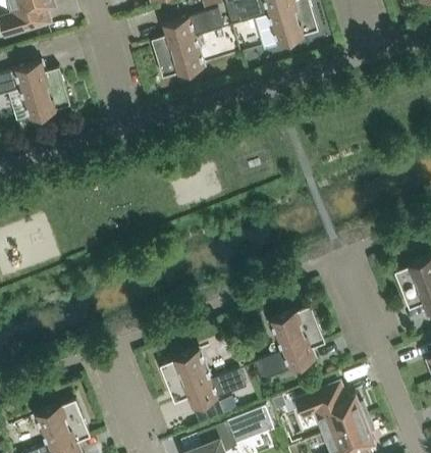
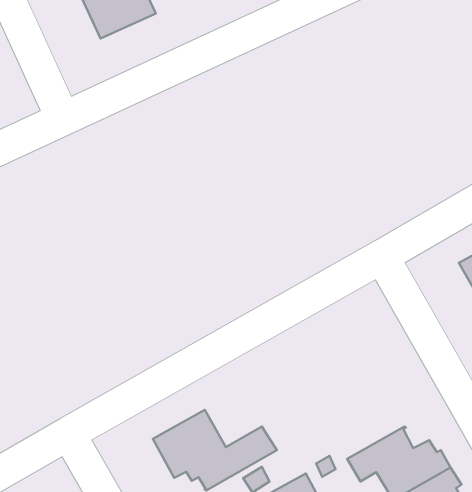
building: [255,306,323,381] -> none

